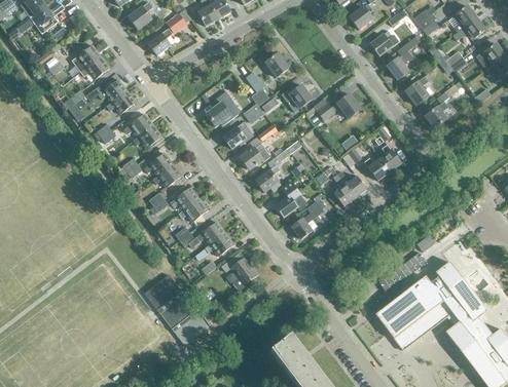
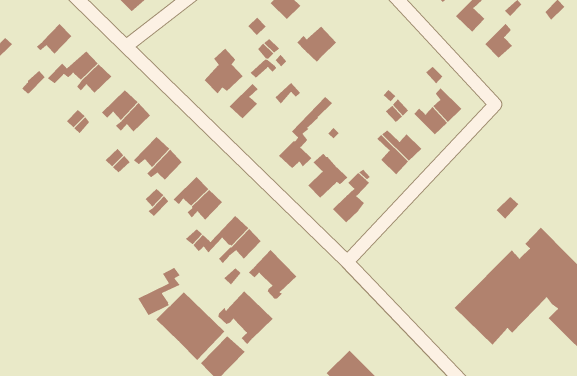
building: [72,44,101,71] -> none
building: [305,92,360,119] -> none
building: [240,143,269,169] -> none
building: none -> [137,267,181,316]
building: none -> [218,290,274,345]

